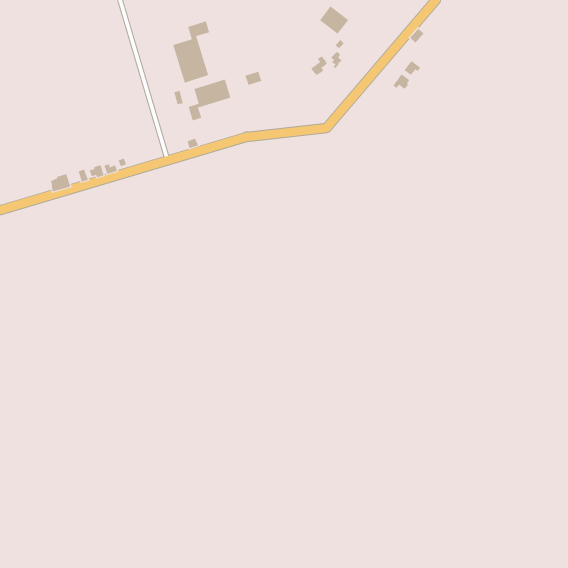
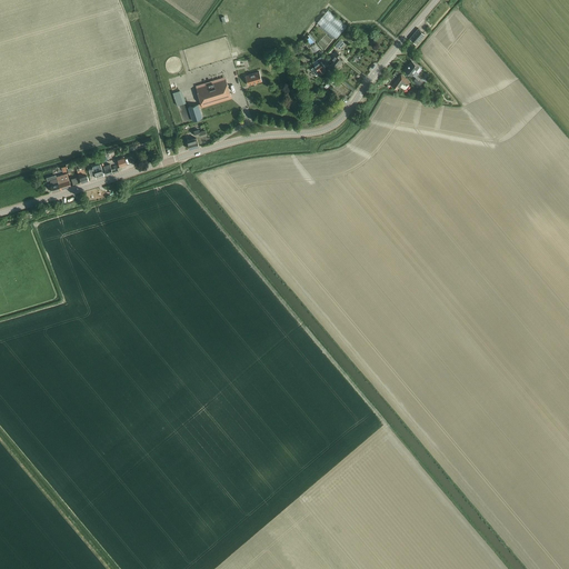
building: [172,21,210,83] -> none

